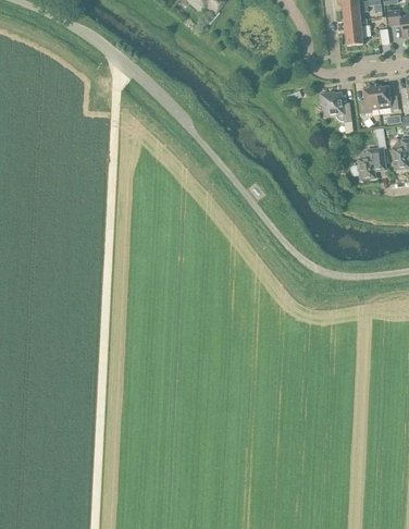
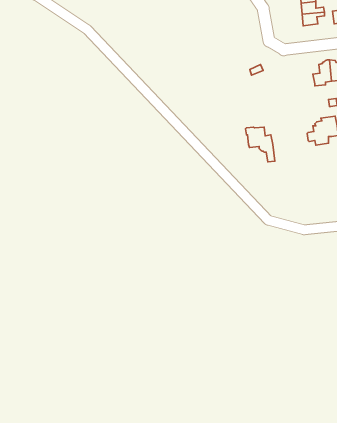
building: [320,91,352,131] -> [246,127,275,162]

